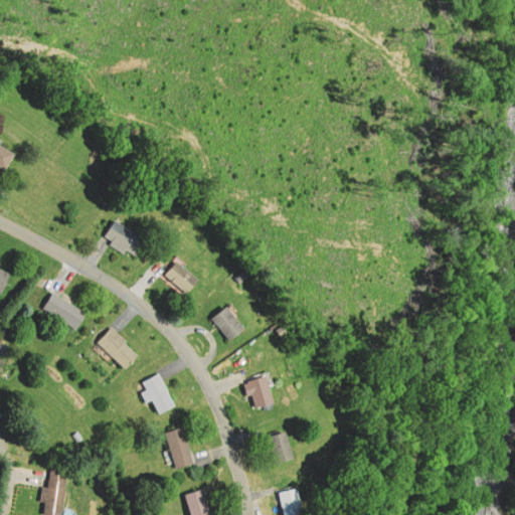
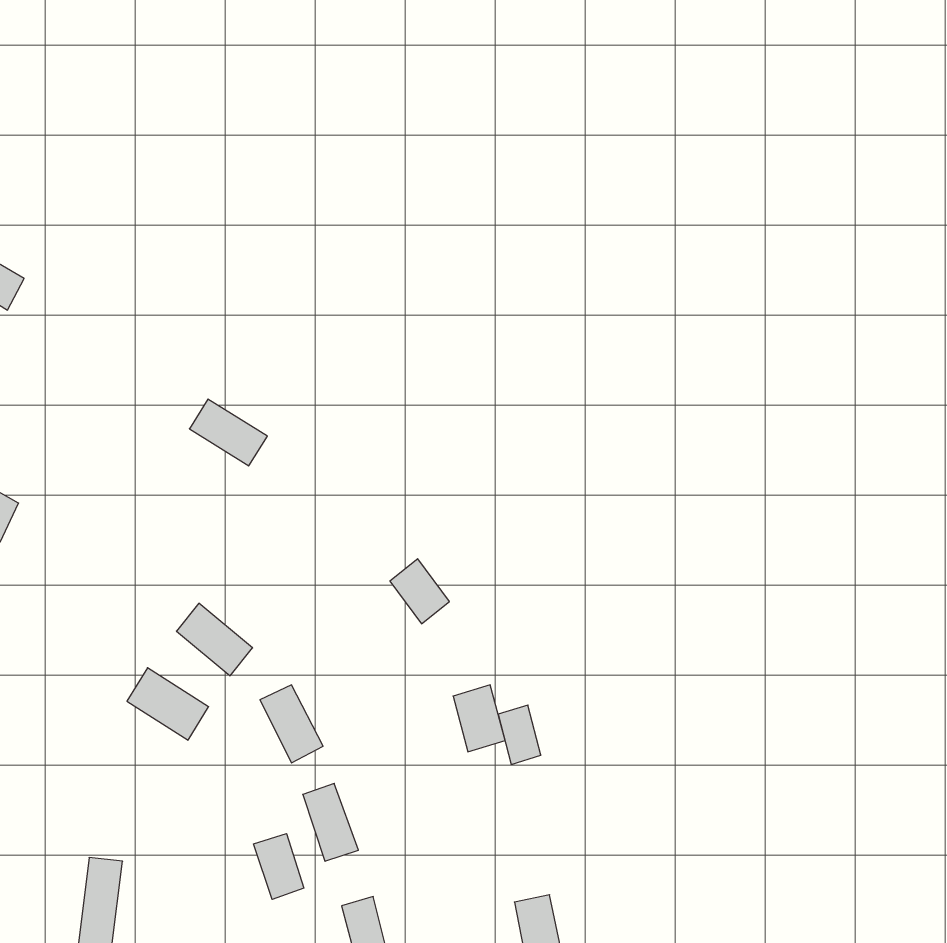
building: [162,260,197,294] -> none
building: [42,292,87,331] -> [127,668,209,740]
building: [269,433,292,465] -> [498,705,541,764]
building: none -> [254,834,304,899]

